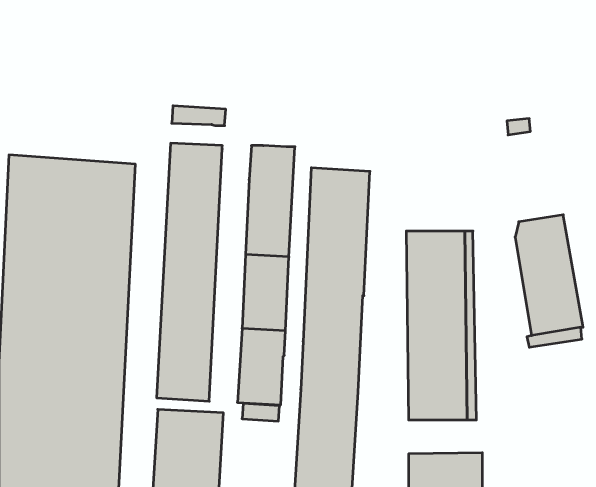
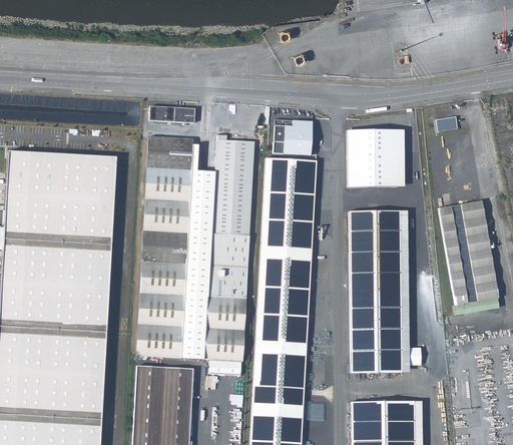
building: none -> [273,118,313,154]
building: none -> [349,128,404,184]
building: none -> [180,143,214,360]

